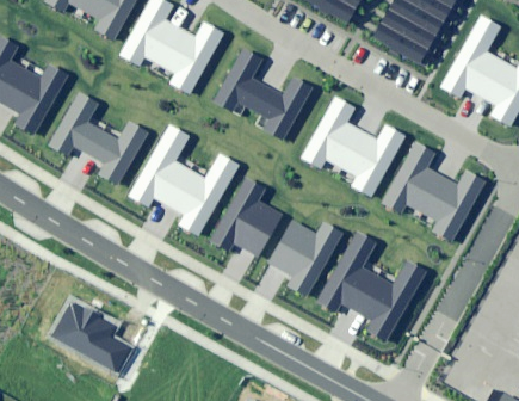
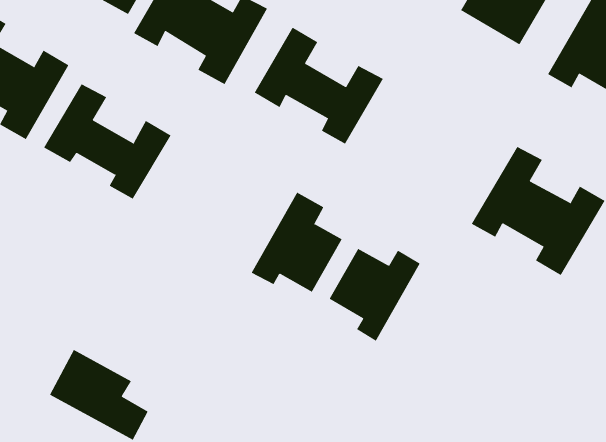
building: [299,93,404,196] -> none
building: [126,124,239,236] -> none
building: [314,232,426,343] -> none

